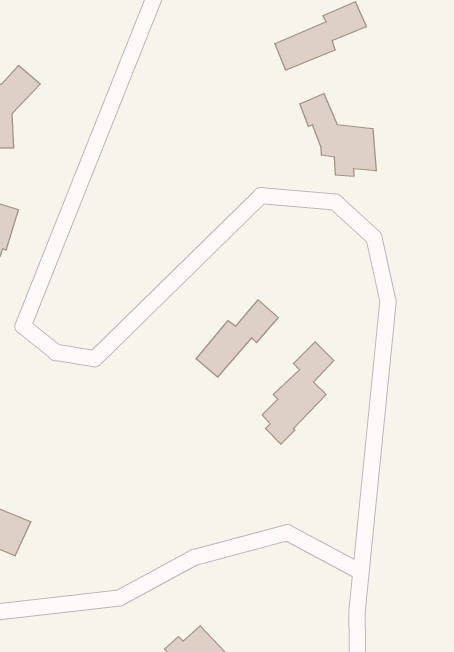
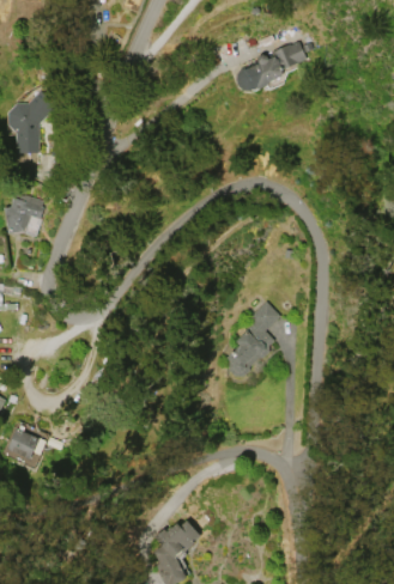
building: [300,93,376,176] -> none
building: [196,300,278,377] -> none

